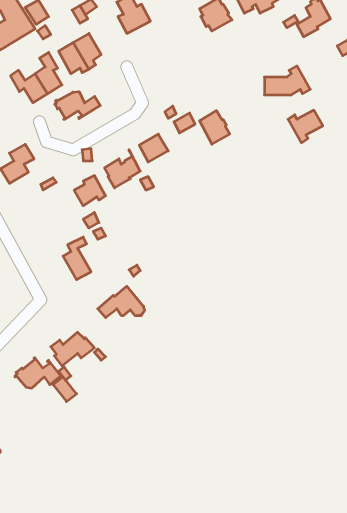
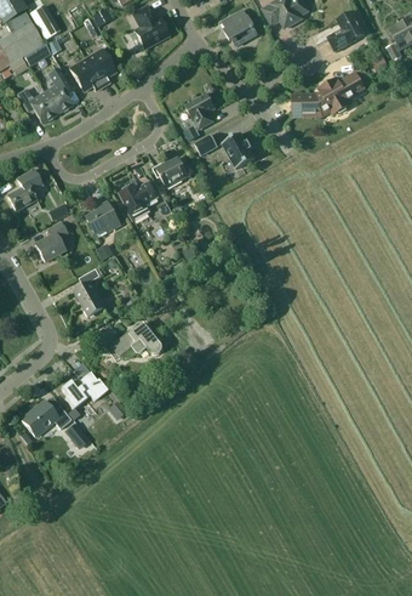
building: none -> [185,93,214,127]
building: [55,92,100,119] -> none
building: [288,110,323,143] -> [327,73,365,108]
building: none -> [34,221,67,261]

